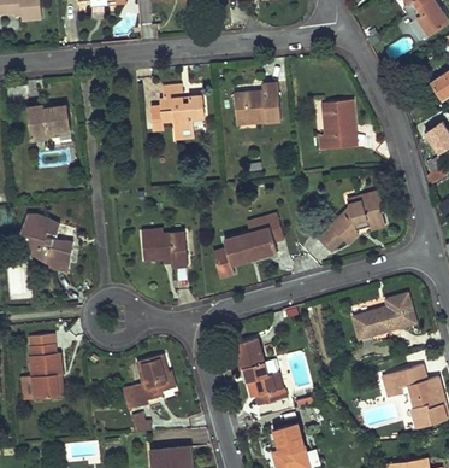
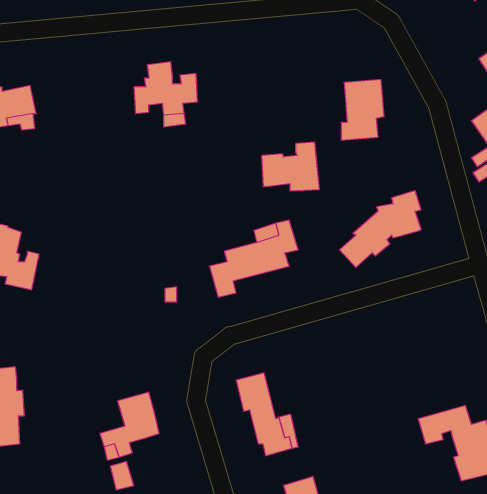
building: [234,83,280,123] -> [262,142,319,191]
building: [142,233,187,264] -> none
building: [353,294,415,339] -> none

